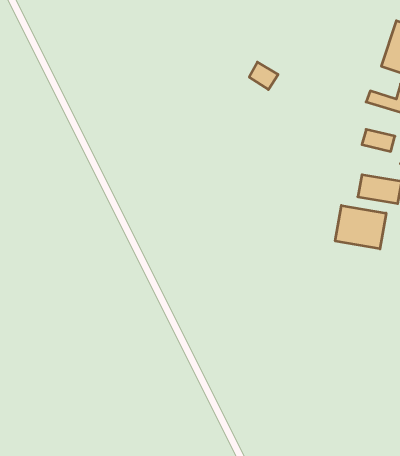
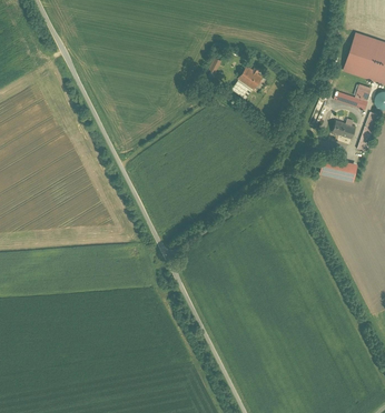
building: [335,205,386,249] -> none

